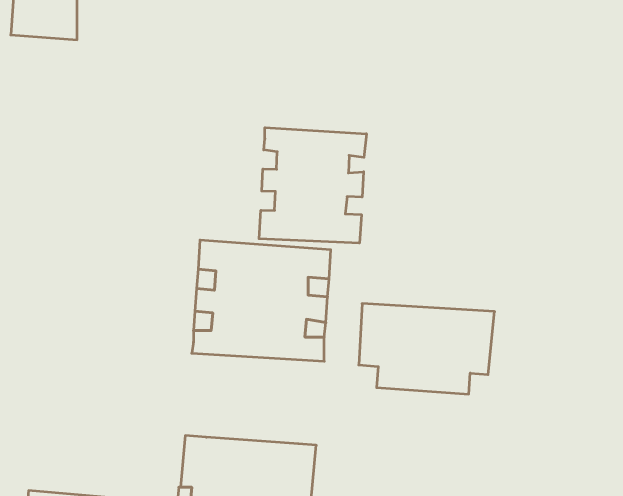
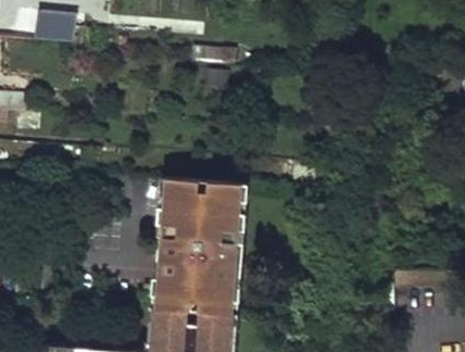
building: [259,128,366,243] -> none
building: [359,304,495,394] -> [154,252,246,313]

